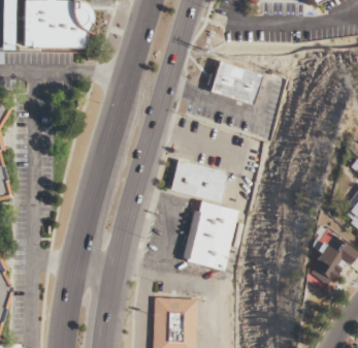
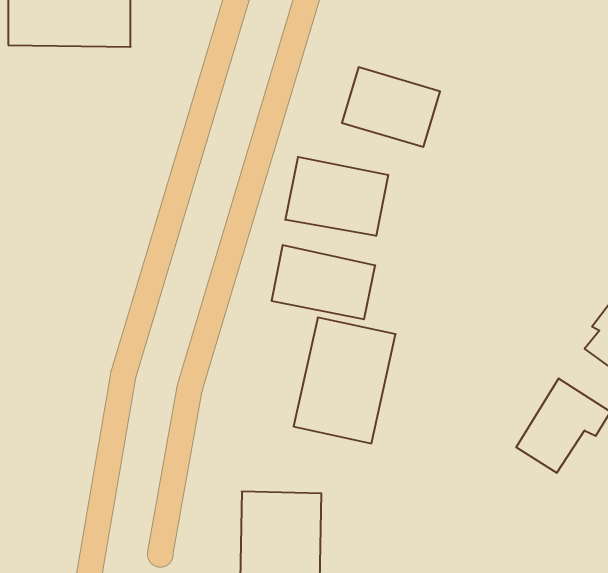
building: none -> [285,157,388,236]

